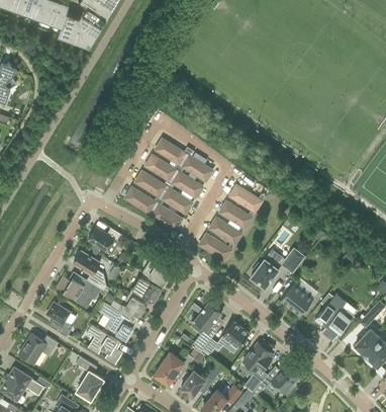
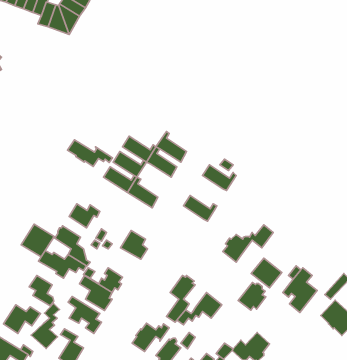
building: [155,139,191,166] -> none
building: none -> [68,140,112,166]
building: [160,182,192,215] -> none
building: [219,201,255,229] -> none
building: [199,234,234,261] -> none
building: none -> [21,224,54,257]
building: [129,277,161,305] -> none
building: none -> [31,304,59,349]
building: [243,343,272,373] -> [238,283,266,310]

